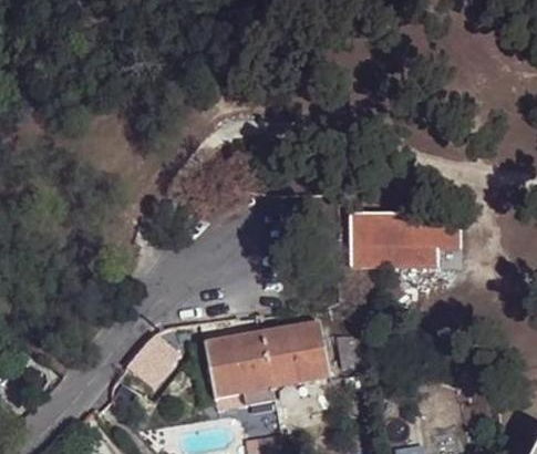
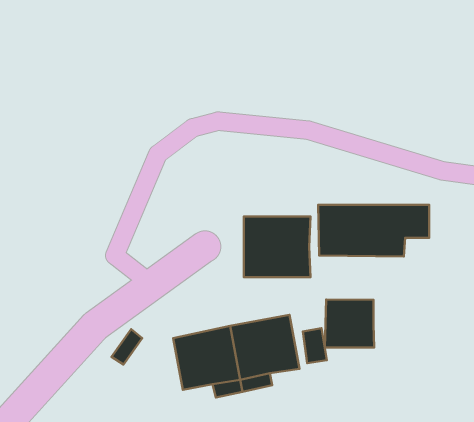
building: none -> [244,216,310,277]
building: none -> [325,299,374,348]

